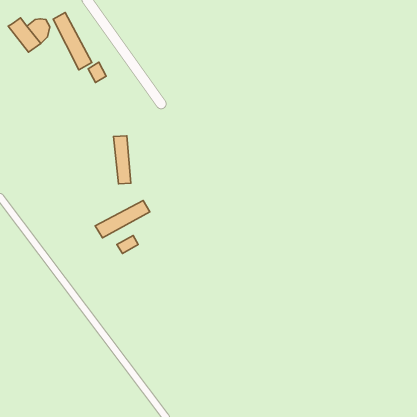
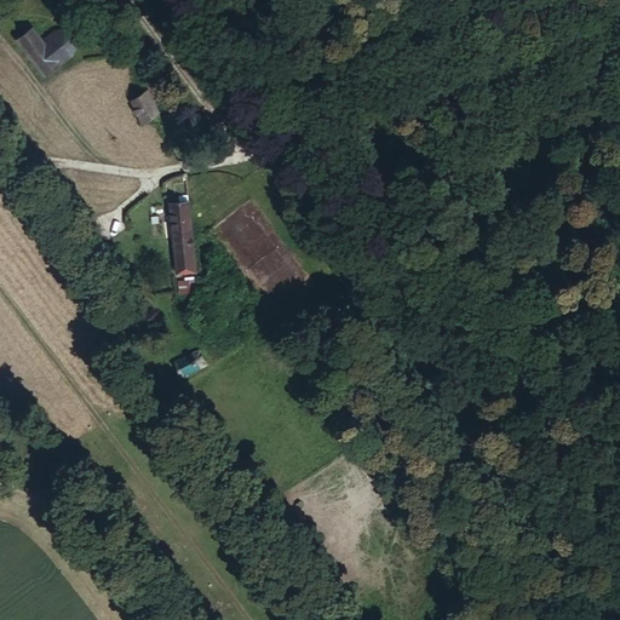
building: [53,12,92,70] -> none
building: [95,200,150,238] -> none

